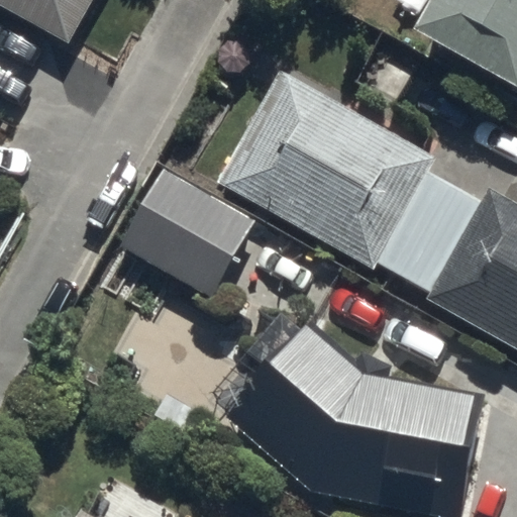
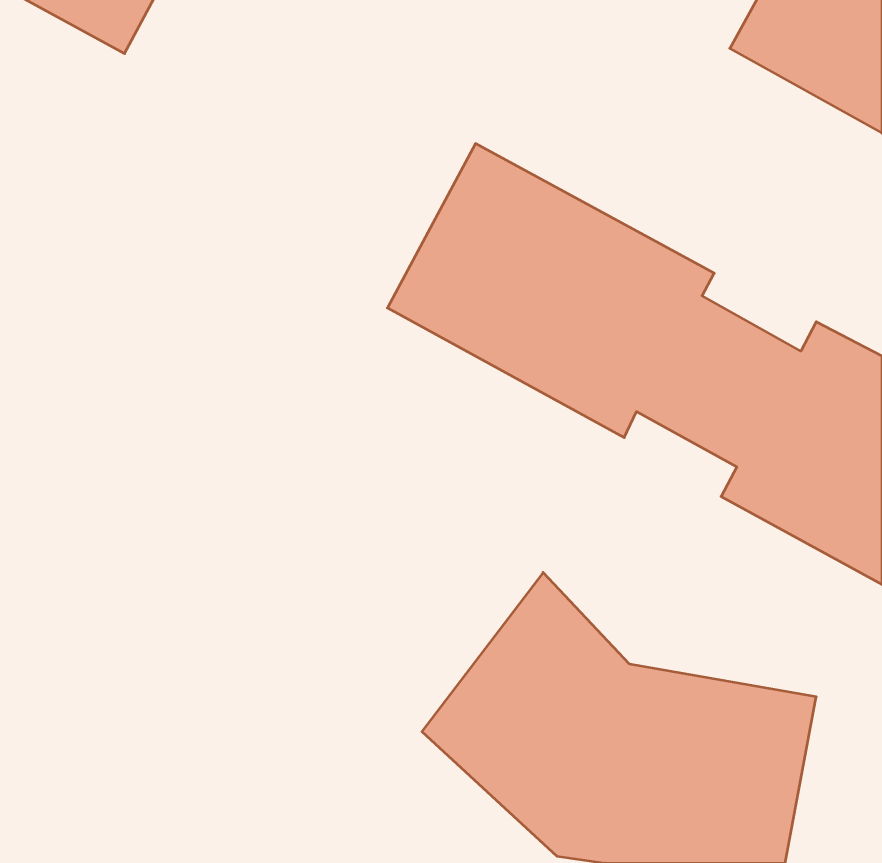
building: [138,178,246,278] -> none

